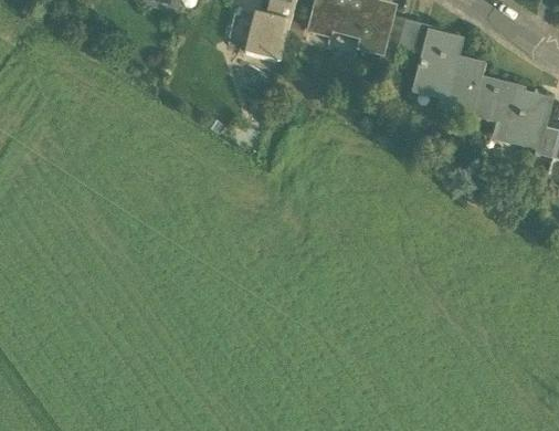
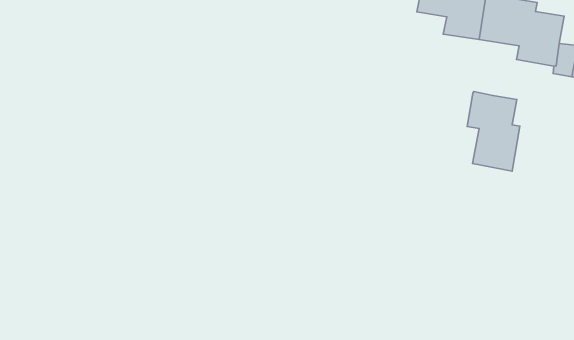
building: none -> [467,91,520,171]

